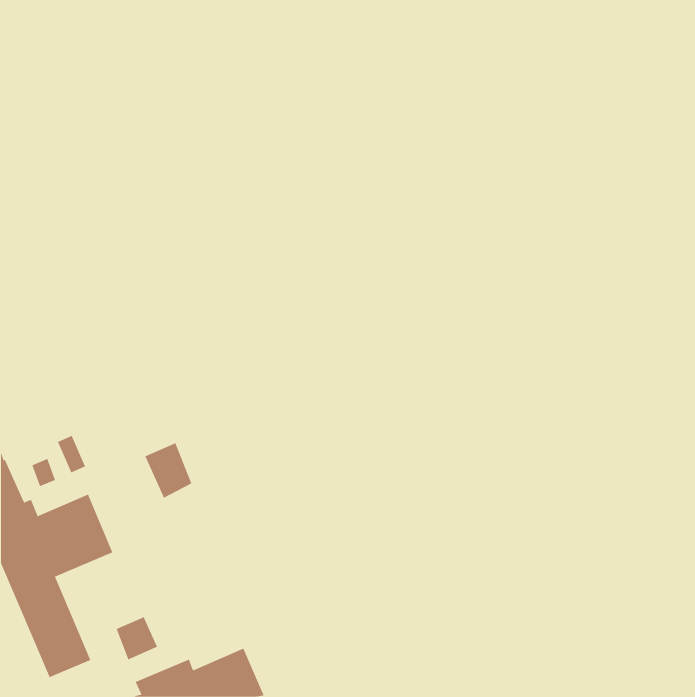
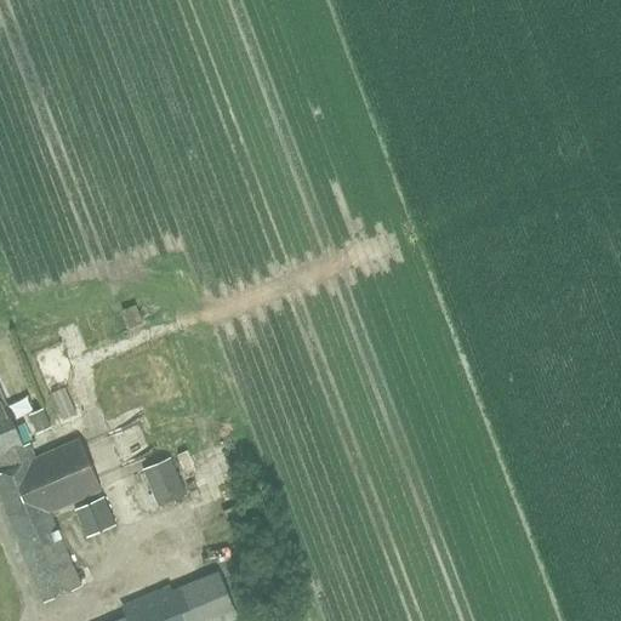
building: [145,442,192,498] -> [142,460,184,509]
building: [116,617,158,660] -> [76,498,114,537]

